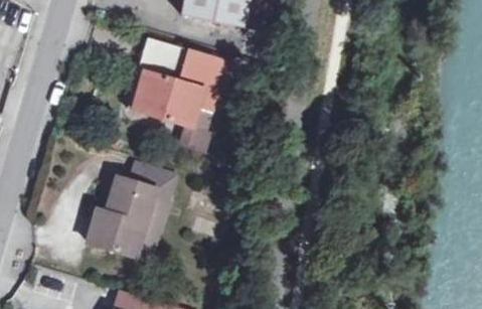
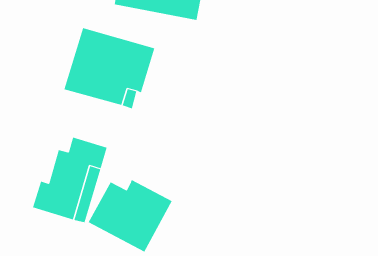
building: none -> [88,179,173,252]

